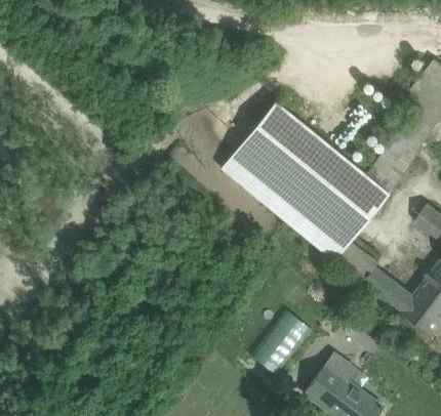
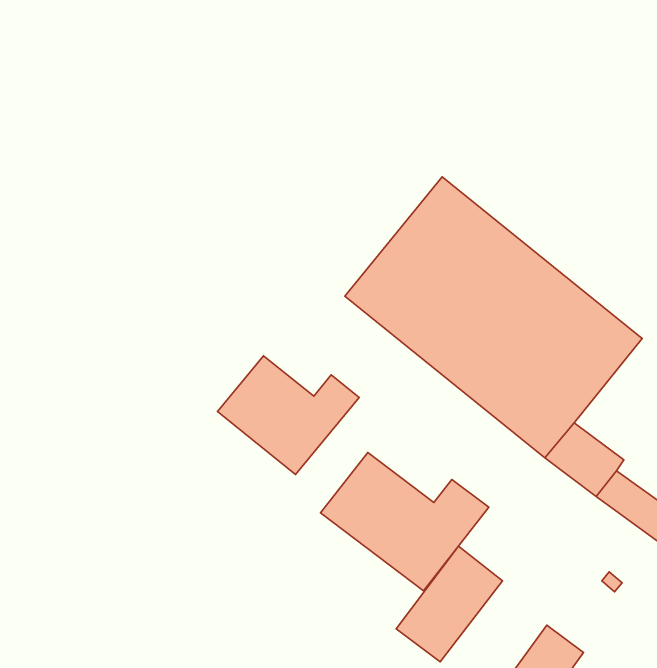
building: none -> [217,356,359,475]
building: none -> [321,452,489,591]

